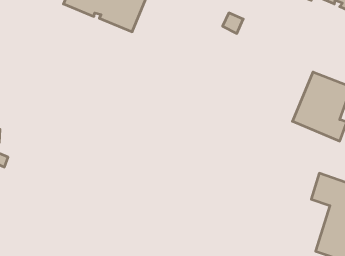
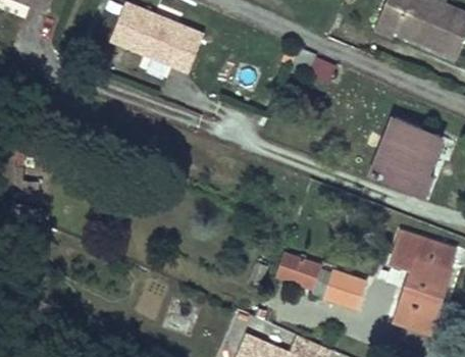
building: none -> [276,254,319,289]
building: none -> [326,272,365,307]

